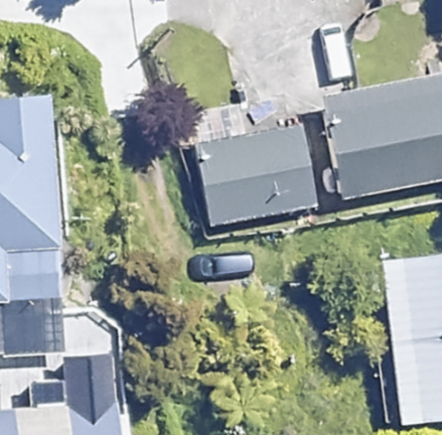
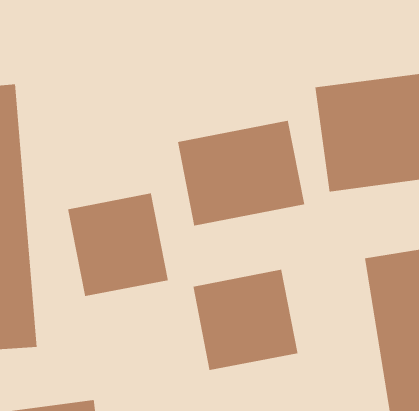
building: none -> [68,193,168,297]
building: none -> [193,269,298,371]

